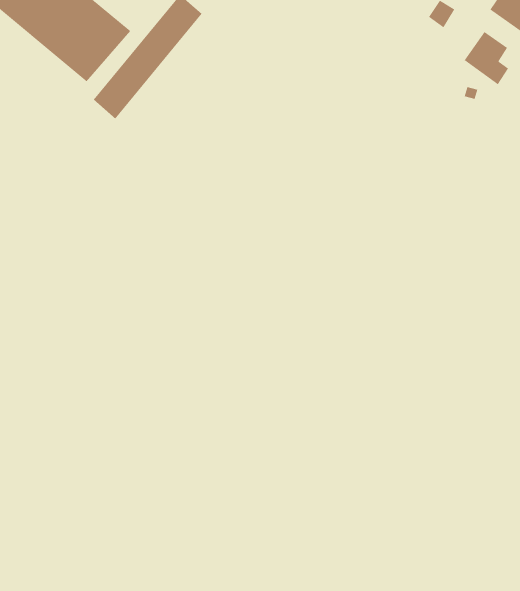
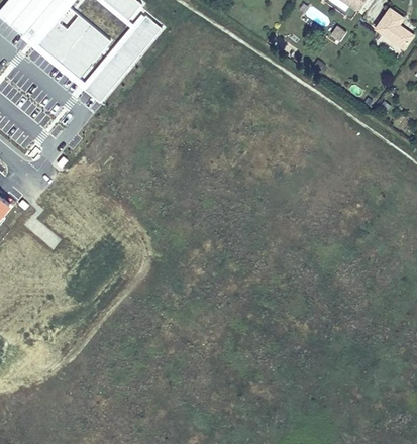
building: [464,31,509,85] -> none

